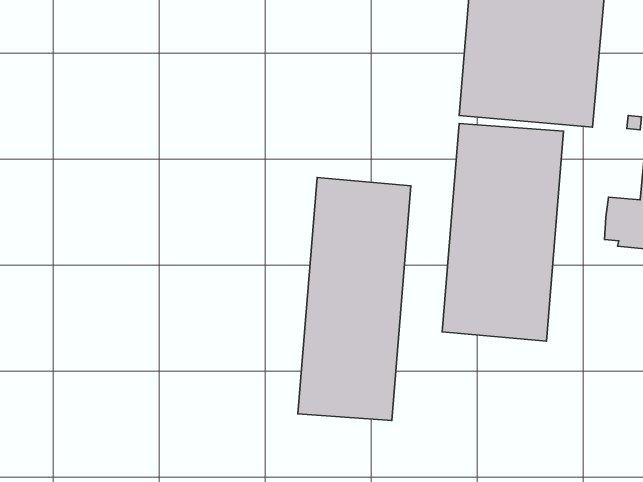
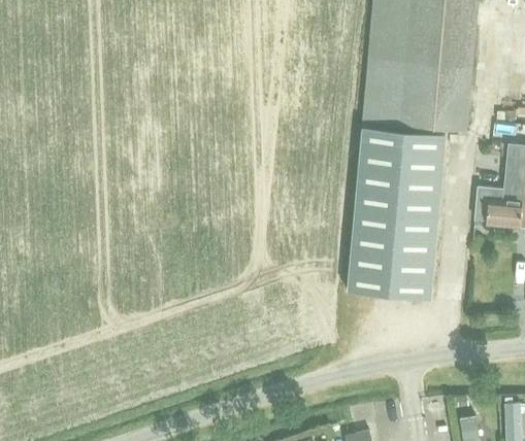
building: [298,177,411,421] -> none

